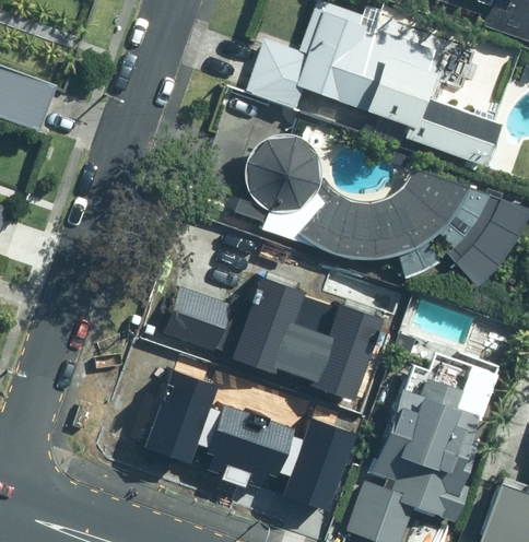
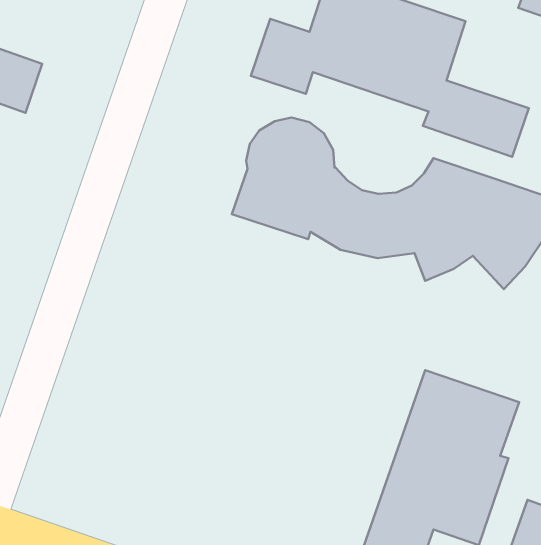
building: [234,274,381,398] -> none
building: [166,285,233,349] -> none
building: [142,369,352,511] -> none

